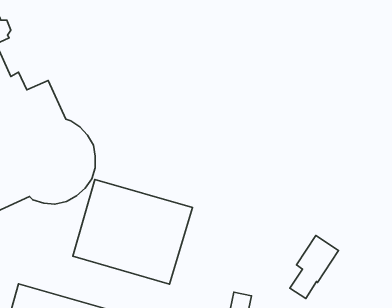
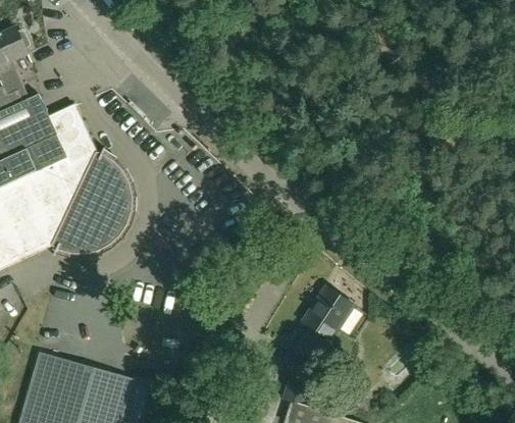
building: [73,179,193,284] -> none
building: [290,235,339,298] -> [295,286,354,363]

